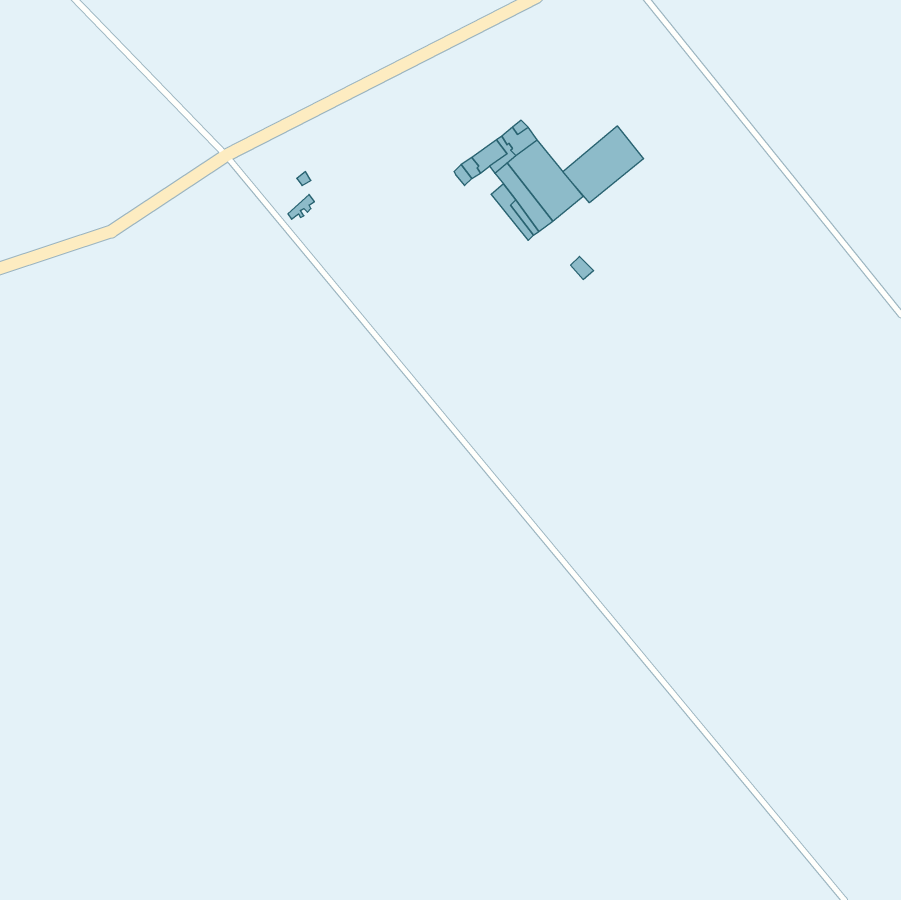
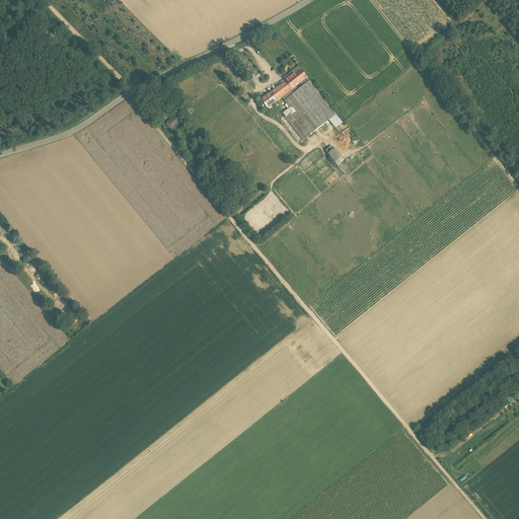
building: [563,126,644,203] -> none

